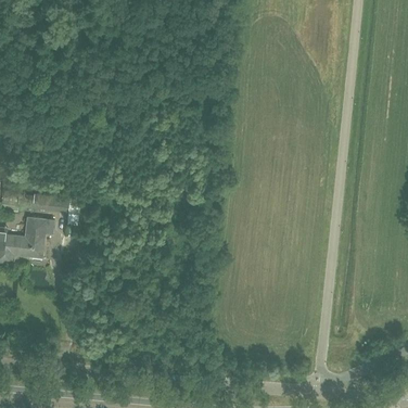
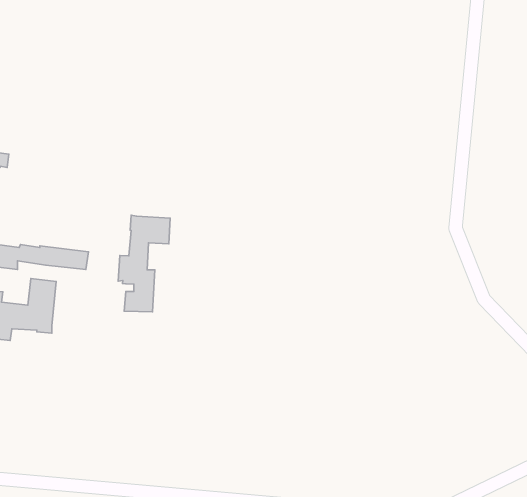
building: none -> [118,215,170,312]

